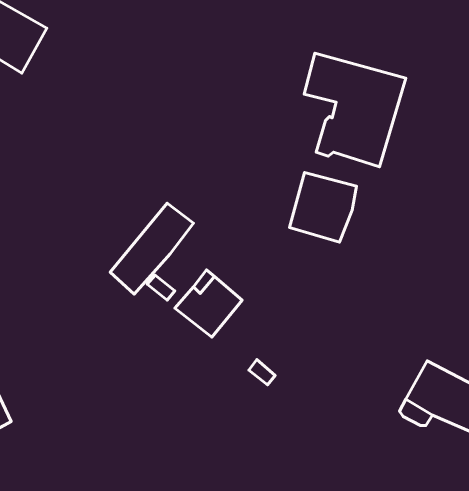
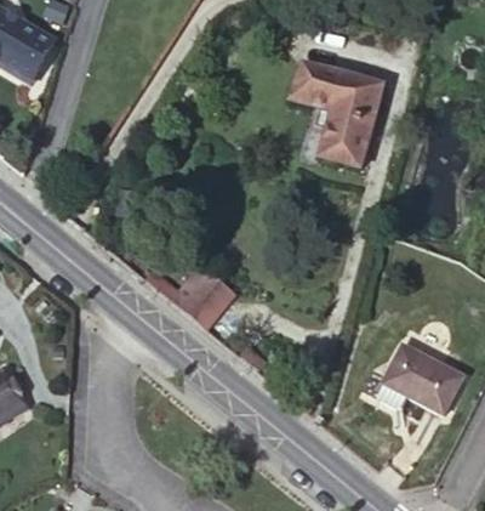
building: [289,173,357,242] -> none
building: [110,203,194,294] -> none

